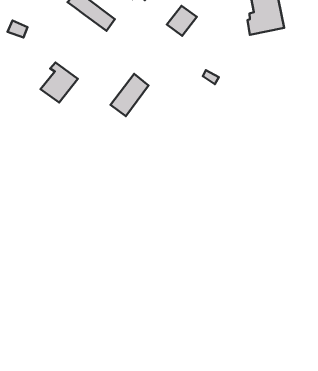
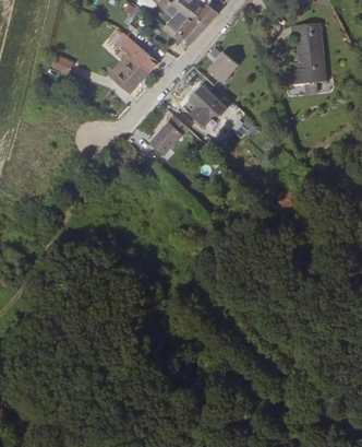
building: none -> [188,84,225,128]
building: [40,62,78,103] -> [112,52,149,92]

